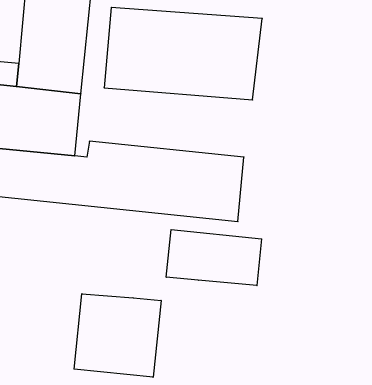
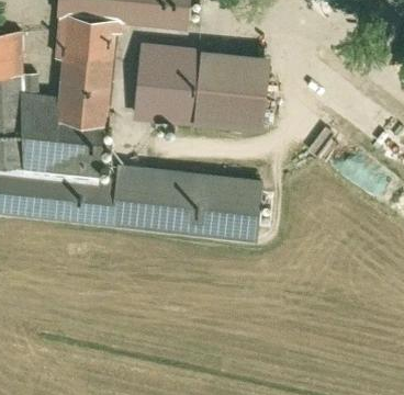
building: [166,230,262,286] -> none
building: [74,294,161,377] -> none

